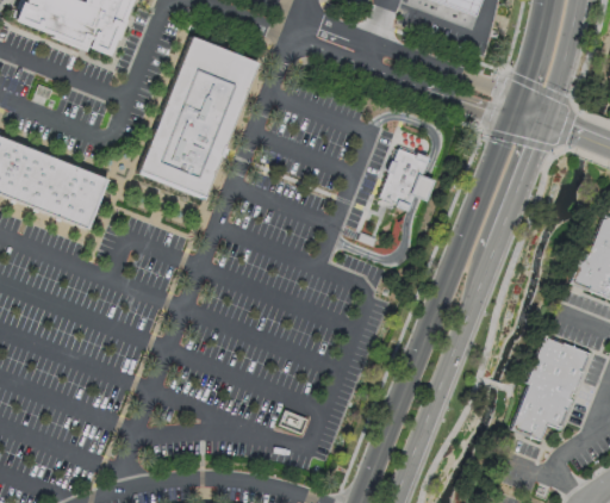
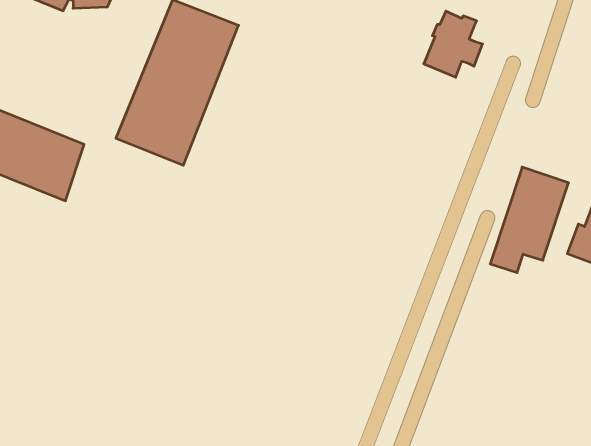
building: [378,147,435,211] -> [424,11,483,77]
building: [517,339,593,441] -> [490,167,569,273]

